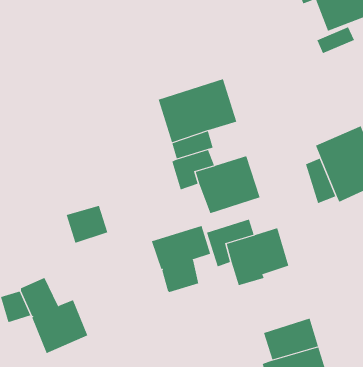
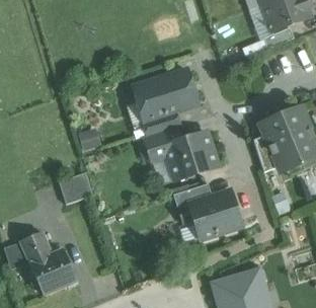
building: [151,225,211,293] -> none

